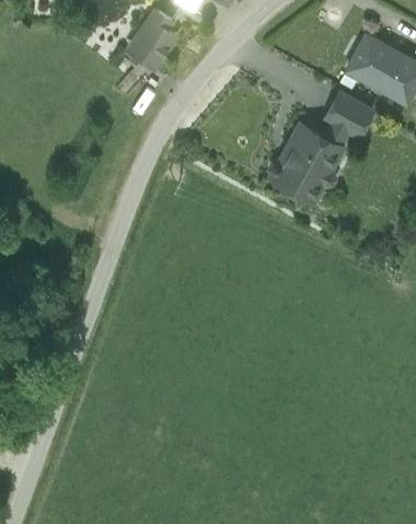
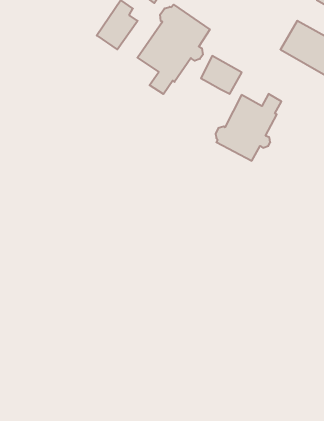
building: none -> [137,5,210,94]
building: [323,93,371,138] -> [201,56,242,94]

